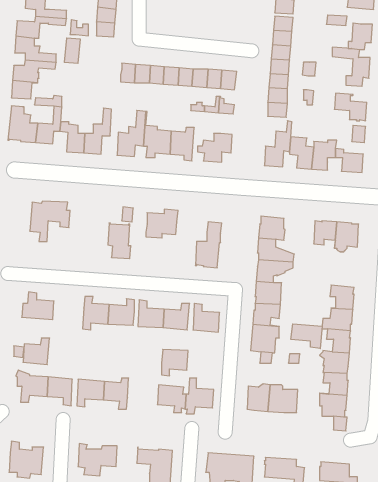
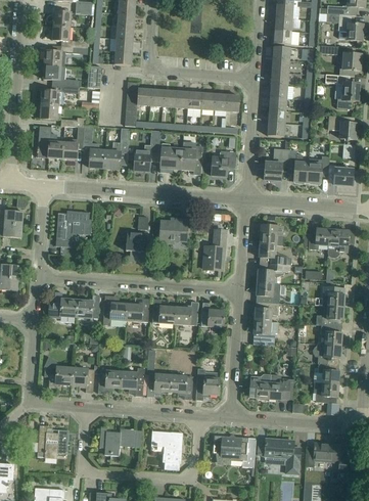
building: [291,324,322,349] -> none
building: [23,338,50,365] -> [77,294,100,318]
building: [162,349,188,376] -> [147,373,171,397]

